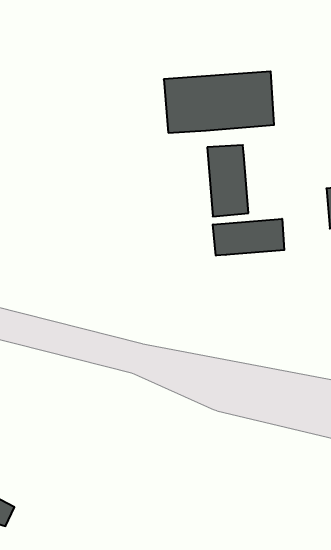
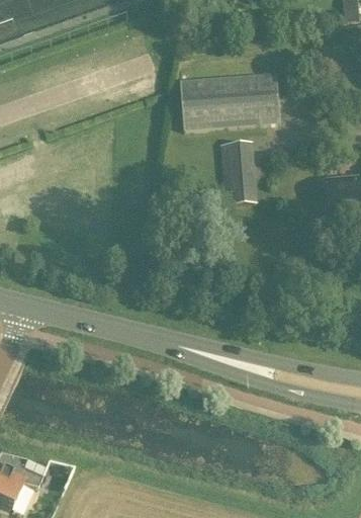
building: [213,219,284,256] -> none

